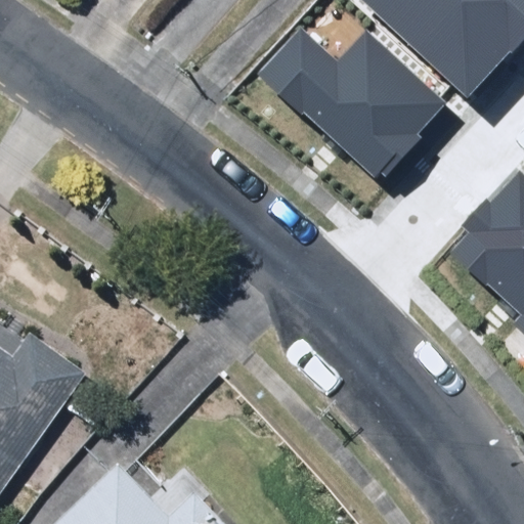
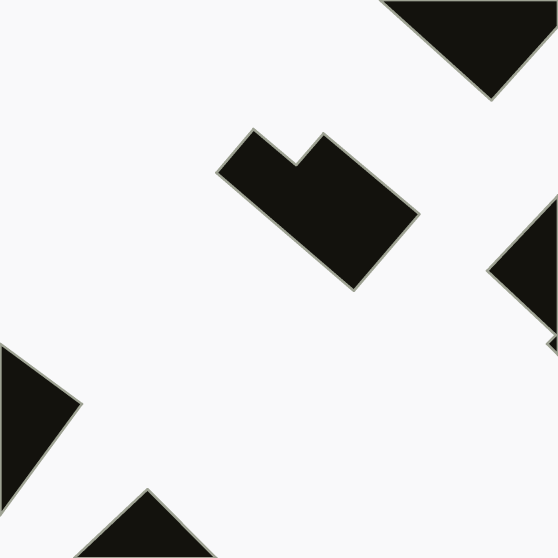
building: [263,28,453,179] -> [216,129,419,291]

